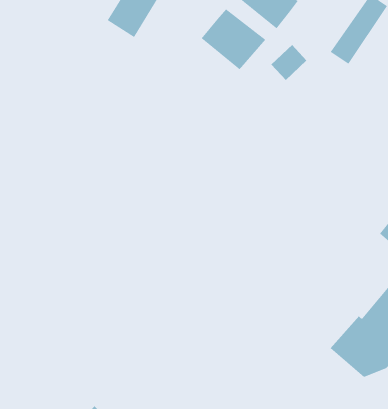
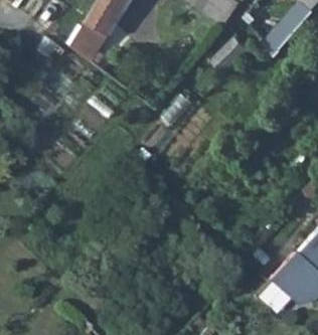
building: [201,8,266,70] -> none
building: none -> [70,18,109,60]

